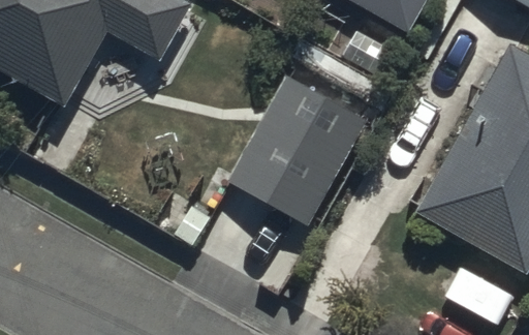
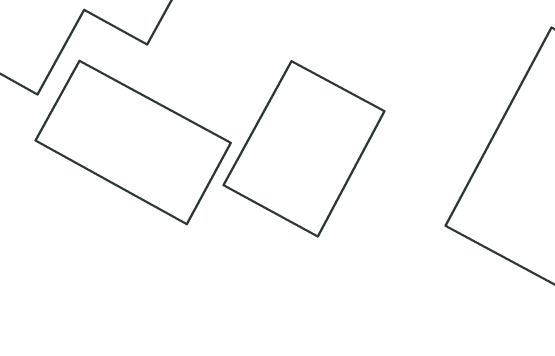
building: none -> [36,61,231,224]

